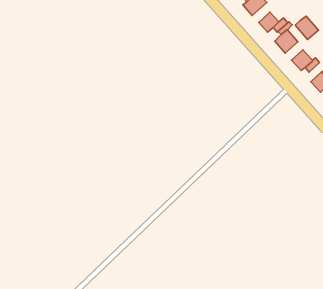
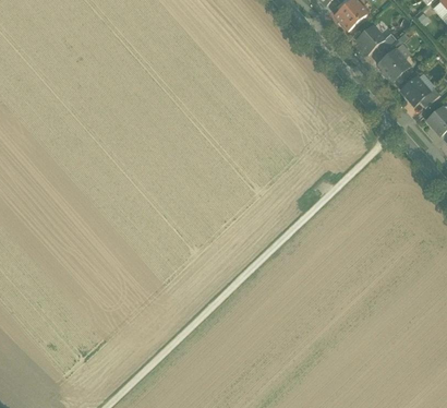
building: [295,16,318,40] -> none

